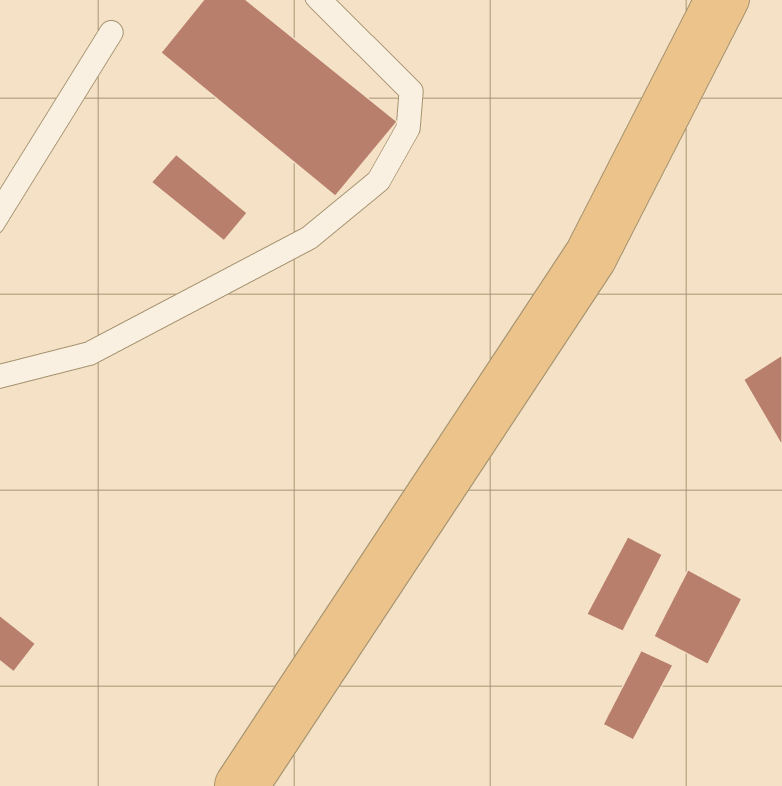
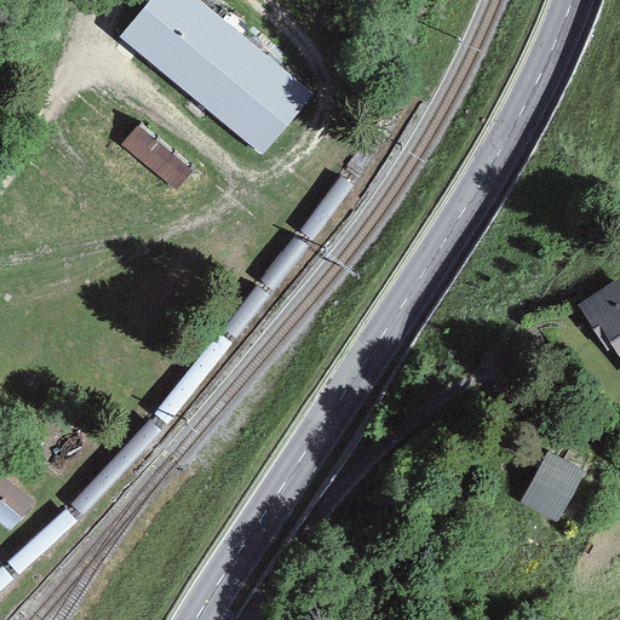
building: [587,537,662,631] -> none
building: [603,650,673,740] -> none

